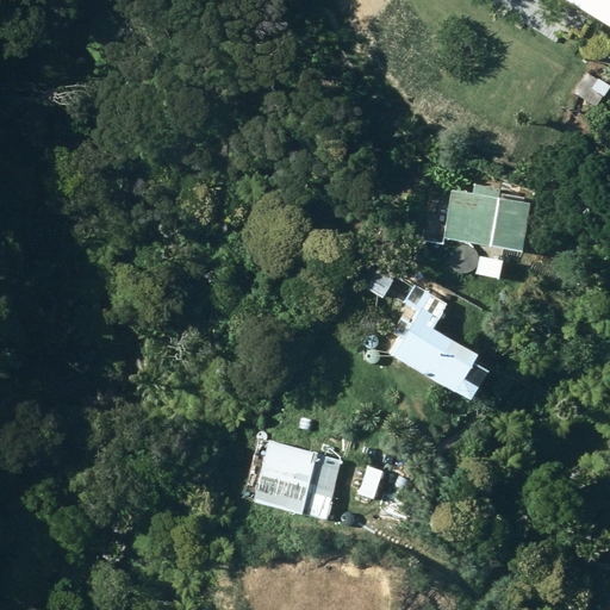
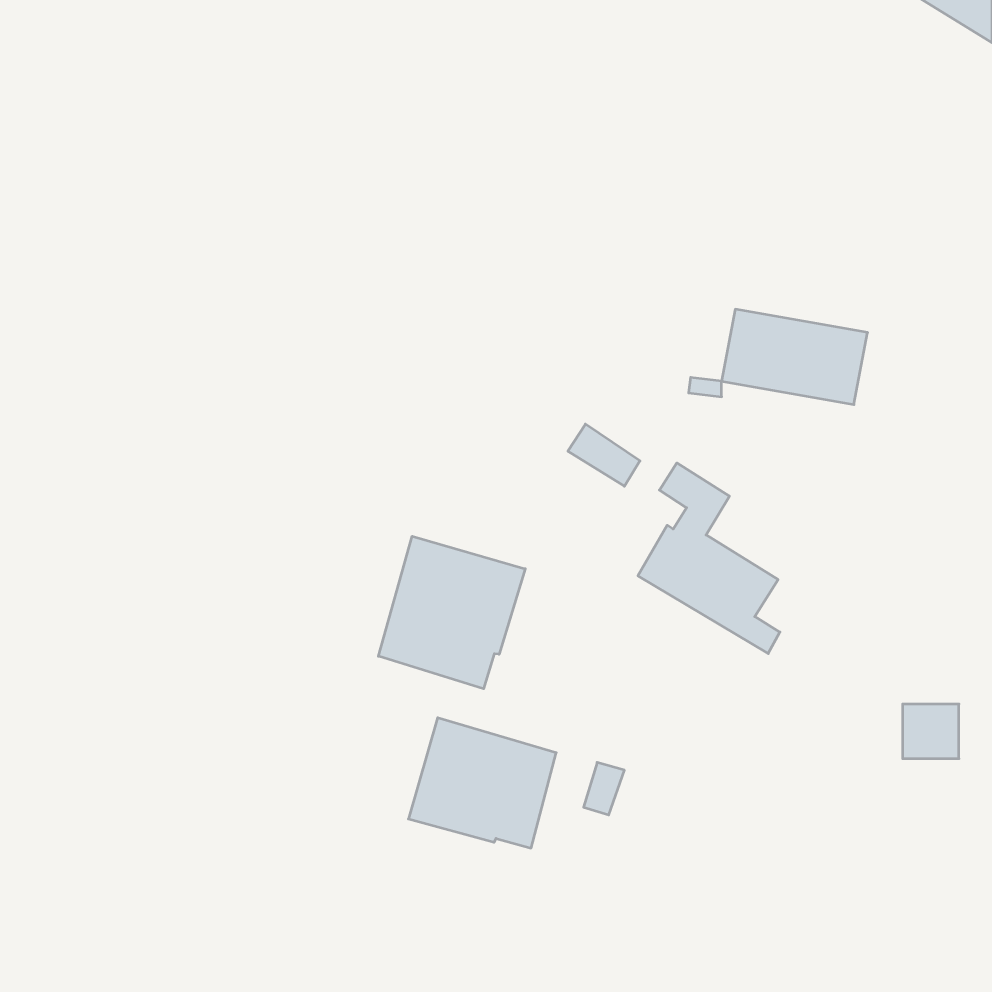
building: none -> [378,536,525,689]

